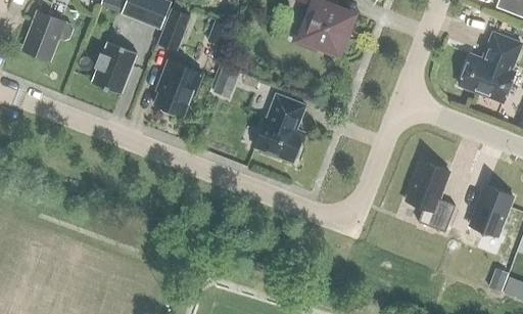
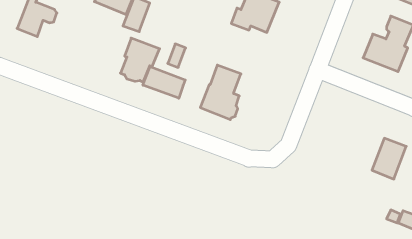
building: [91,41,137,94] -> none
building: none -> [143,66,185,98]
building: [406,160,456,232] -> none

